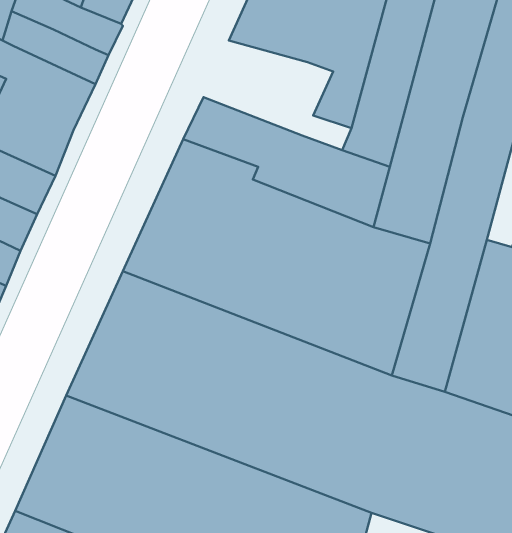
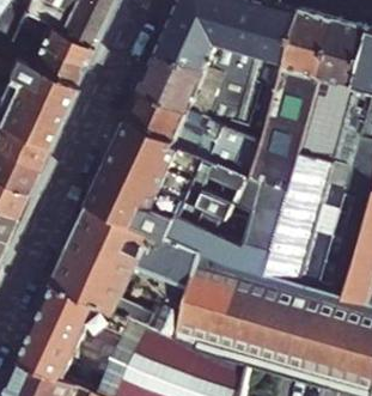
building: none -> [145,53,230,115]

